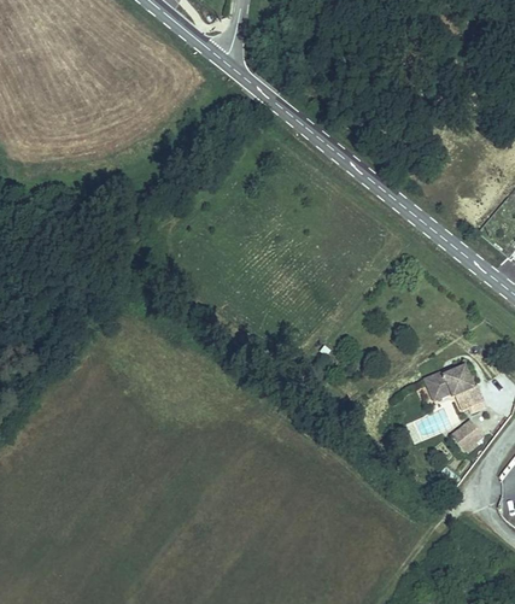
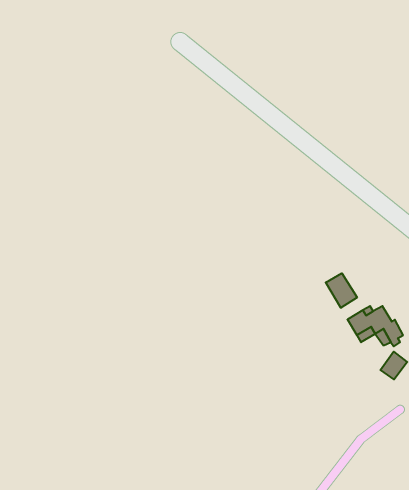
building: none -> [326,273,357,308]

